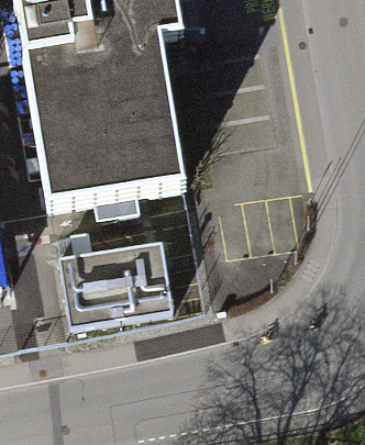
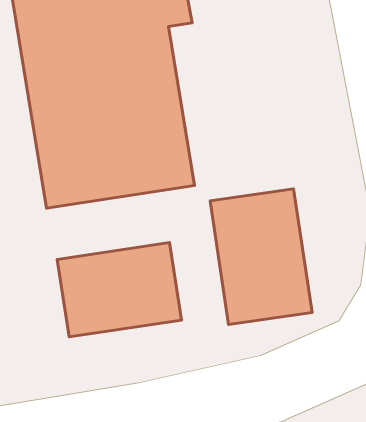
building: none -> [210,189,312,325]

